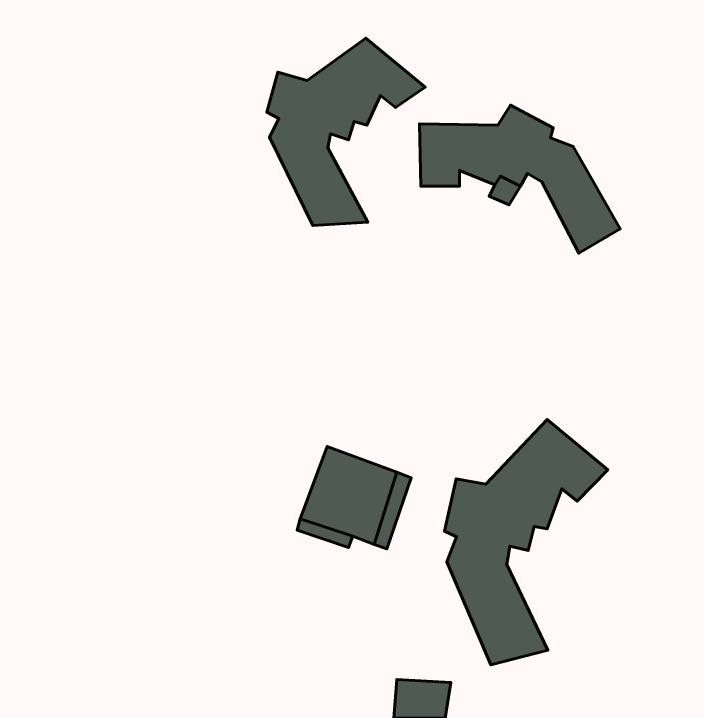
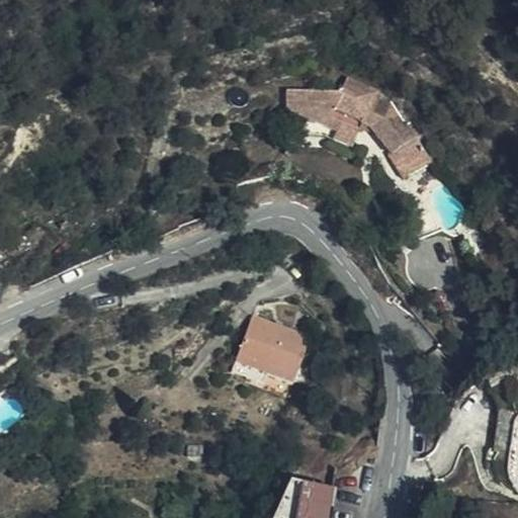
building: [267,38,425,226] -> none
building: [444,420,608,665] -> none

